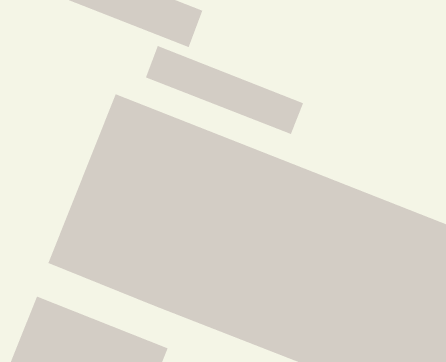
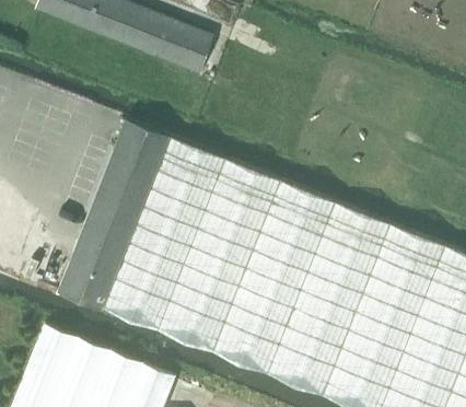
building: [145,45,304,135] -> none

